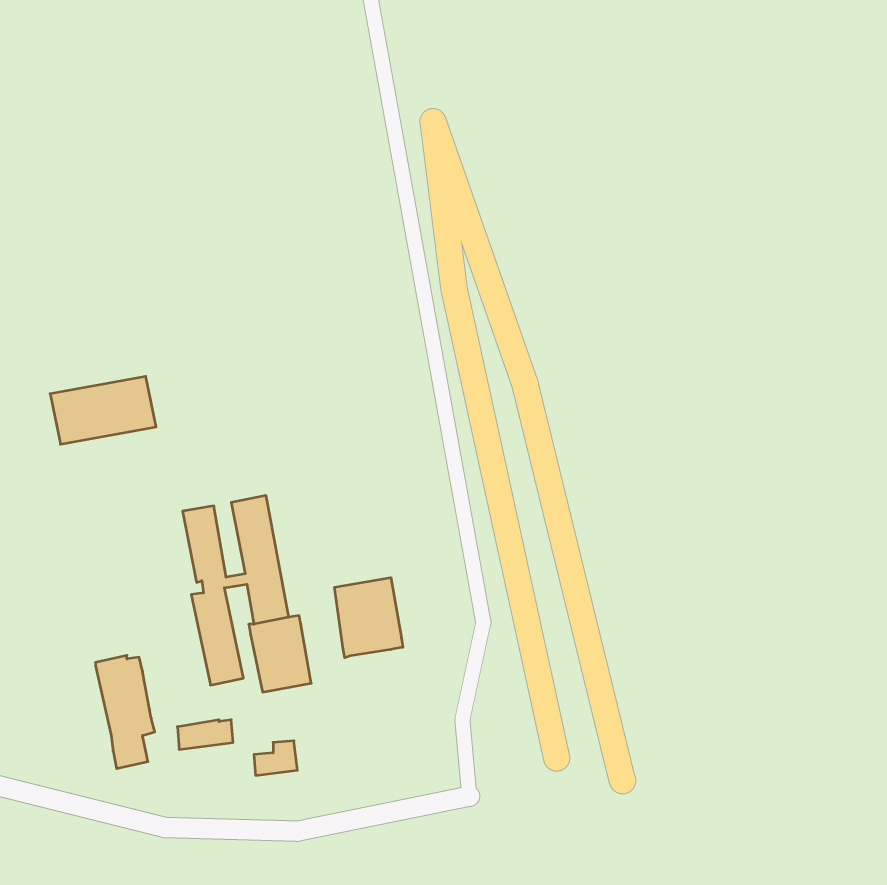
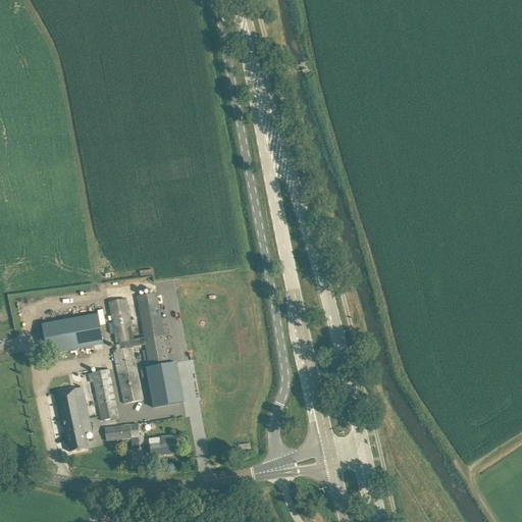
building: [50,376,156,444] -> [43,312,105,352]
building: [335,578,403,658] -> none
building: none -> [91,367,118,419]

